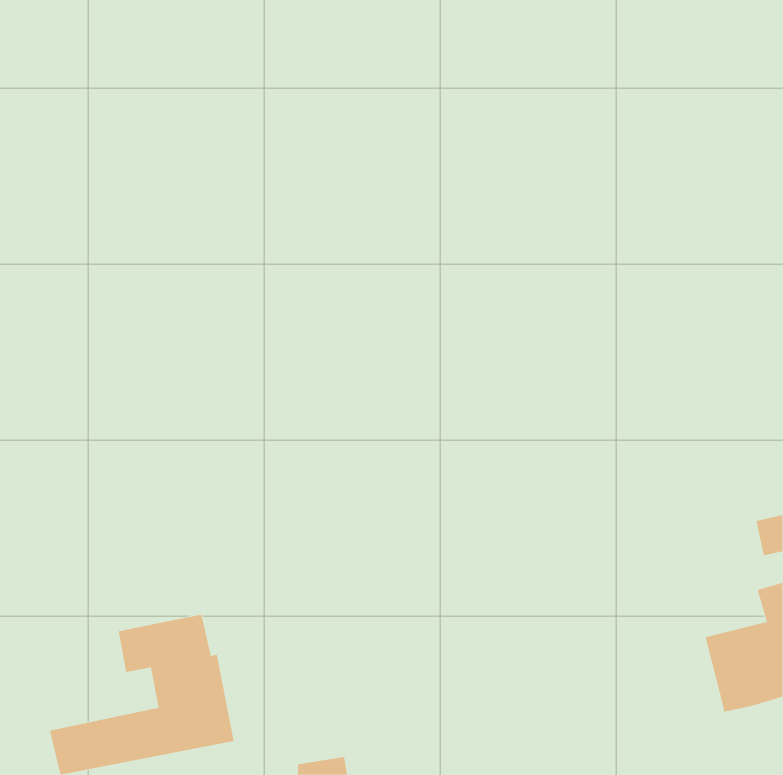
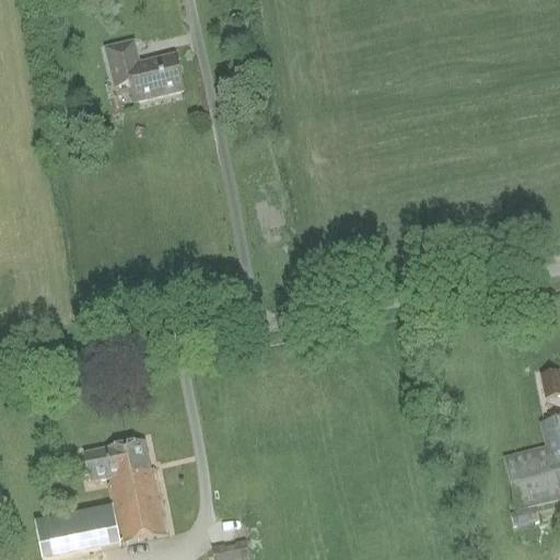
building: none -> [106,39,184,101]

